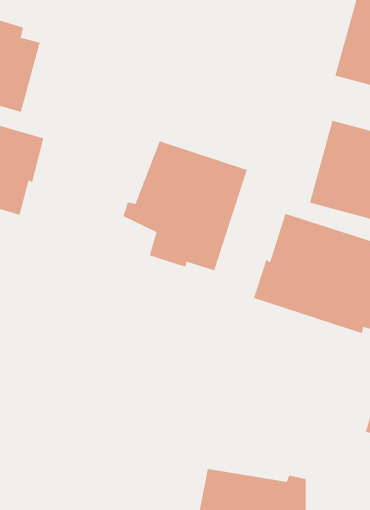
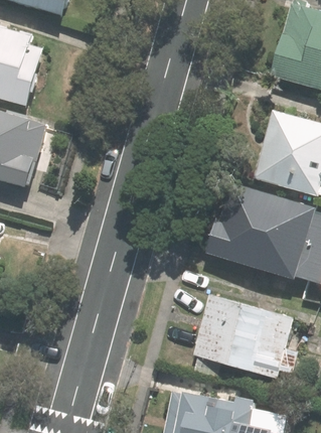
building: [123,141,247,271] -> none
building: none -> [195,290,297,372]

